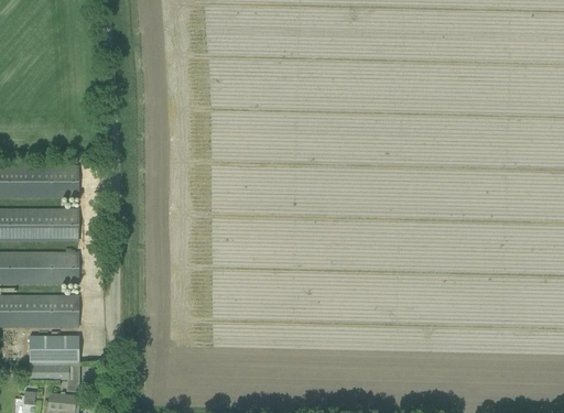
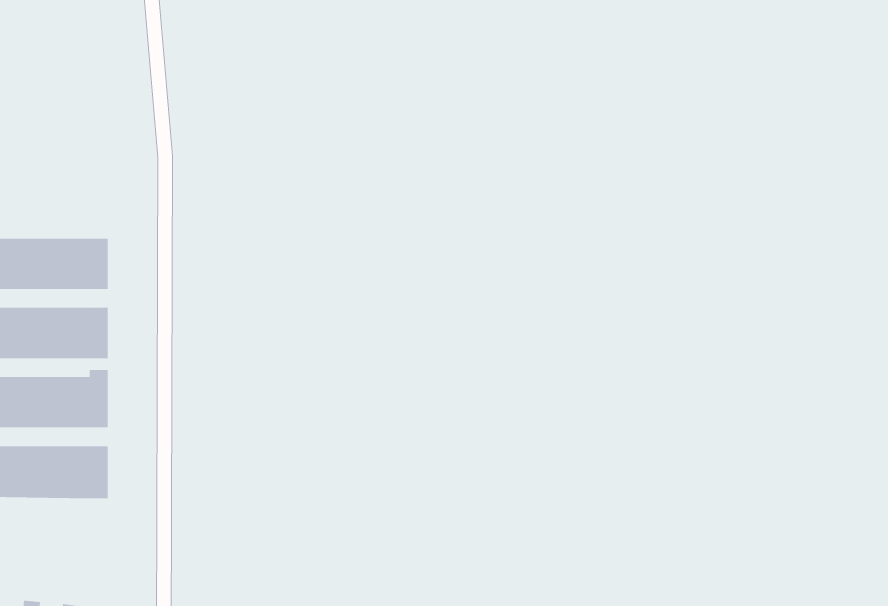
building: [30,336,79,380] -> none

